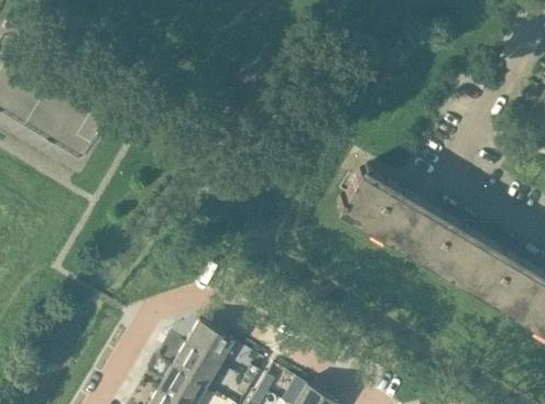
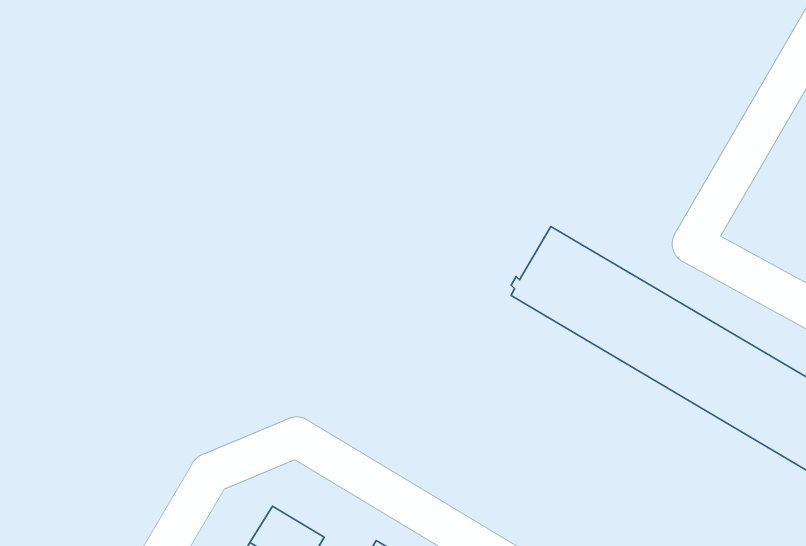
building: [184,325,231,368] -> none

